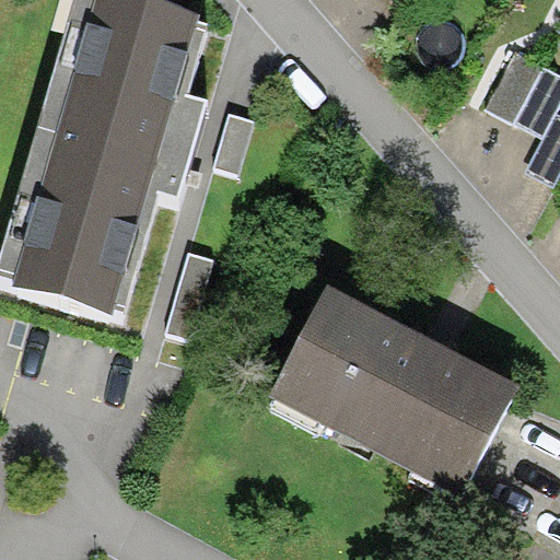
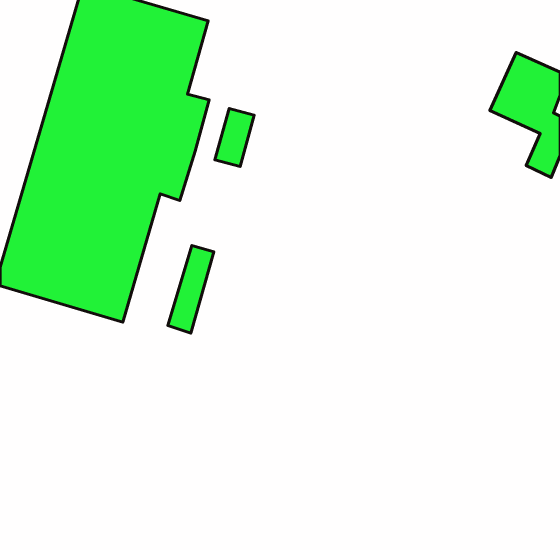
building: [280,293,505,480] -> none

